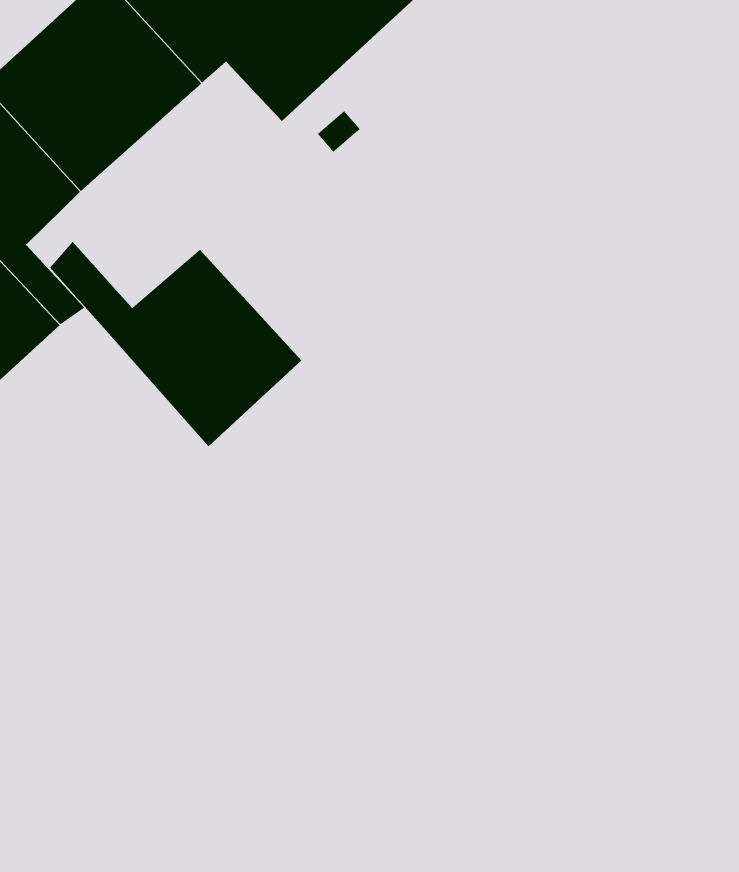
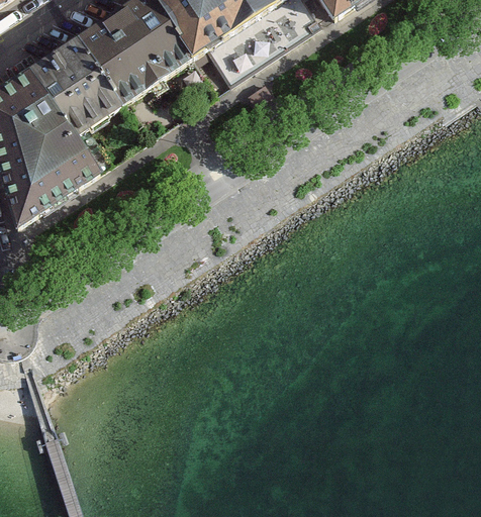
building: [49,241,302,447] -> none

